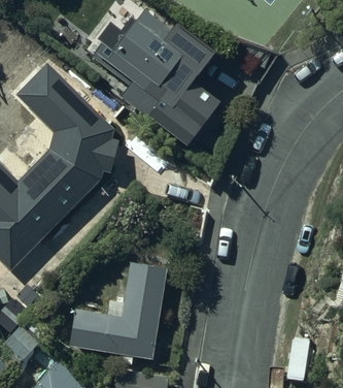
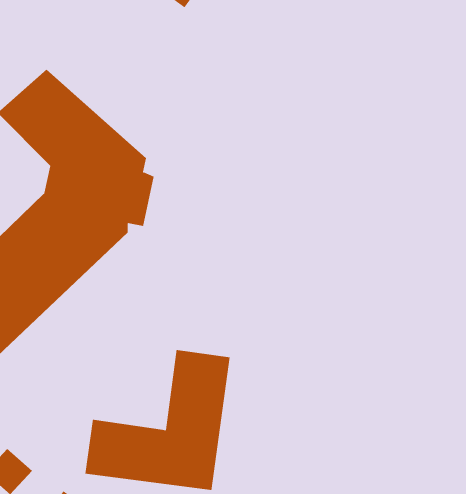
building: [99,33,220,142] -> none

